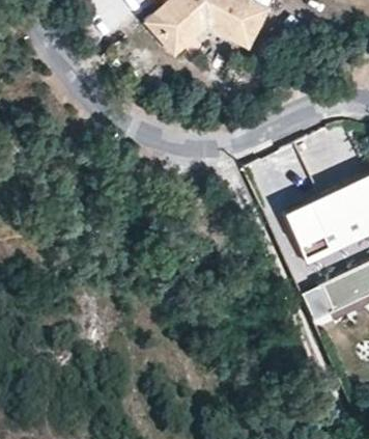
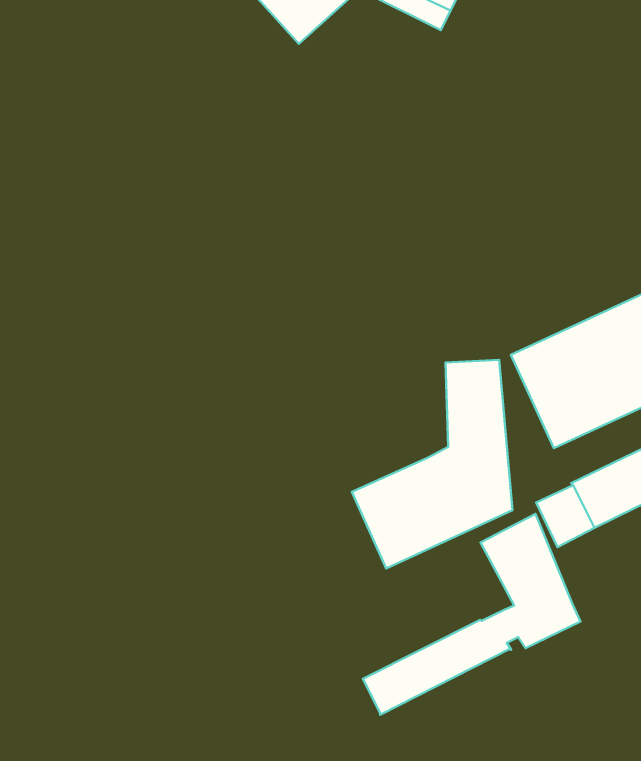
building: none -> [352,360,512,569]
building: none -> [363,514,580,715]

